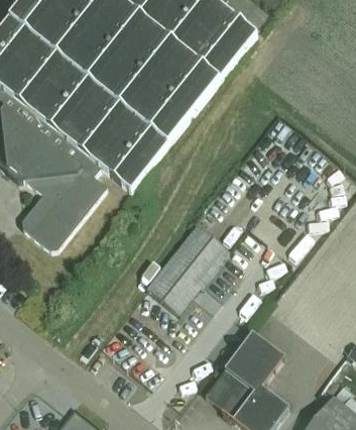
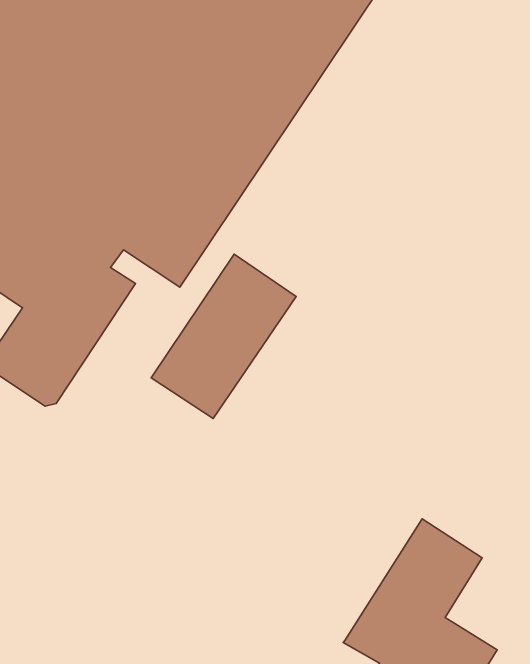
building: [146,224,230,314] -> [151,254,296,418]

